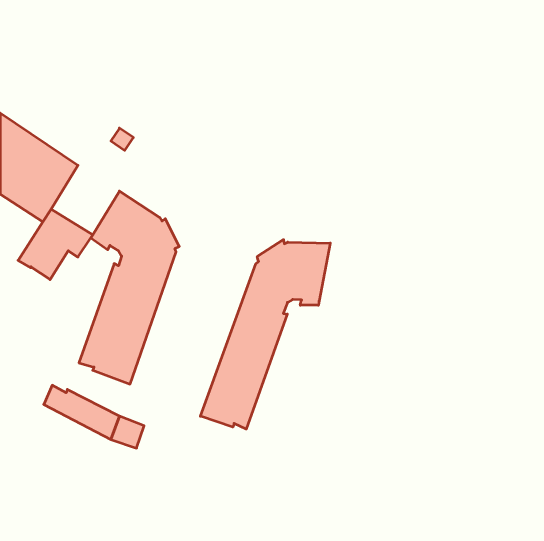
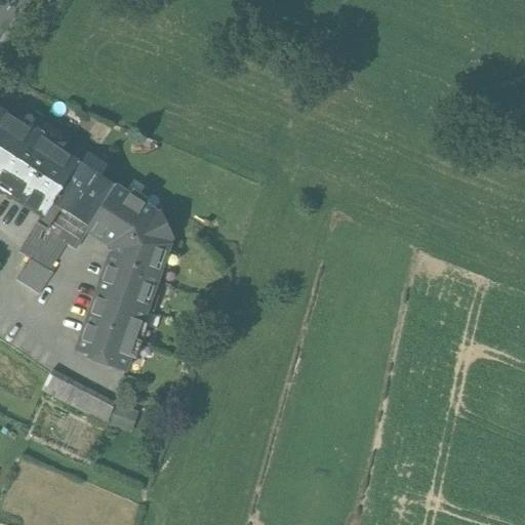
building: none -> [50,159,116,226]
building: [200,240,330,429] -> none
building: none -> [17,256,54,292]

